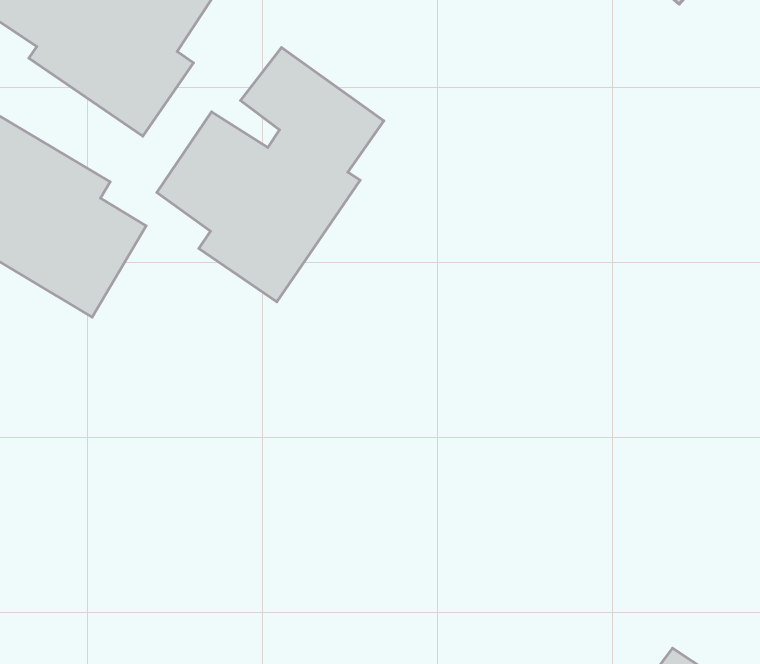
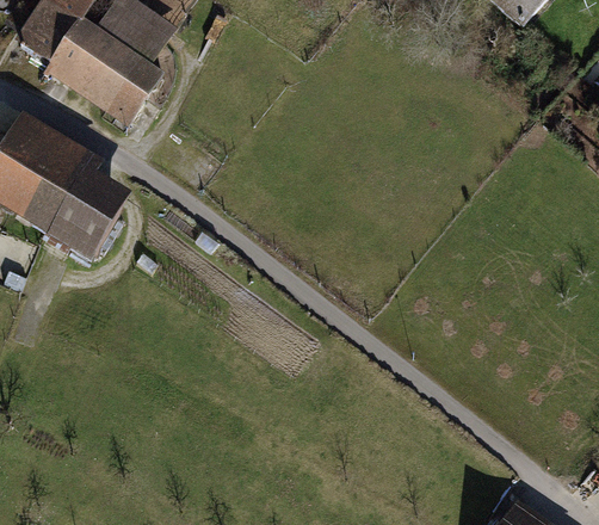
building: [157,48,384,302] -> none

